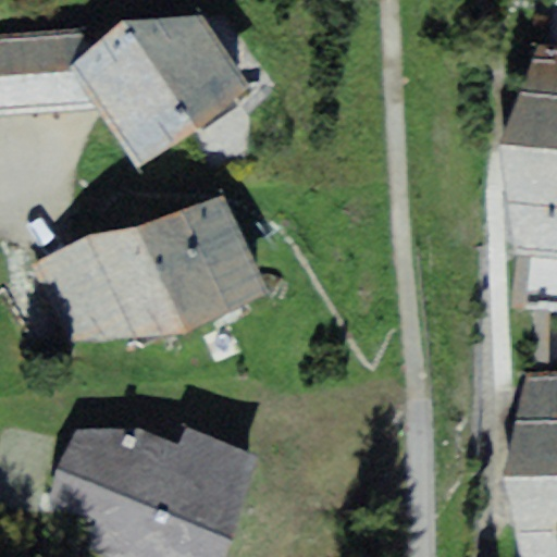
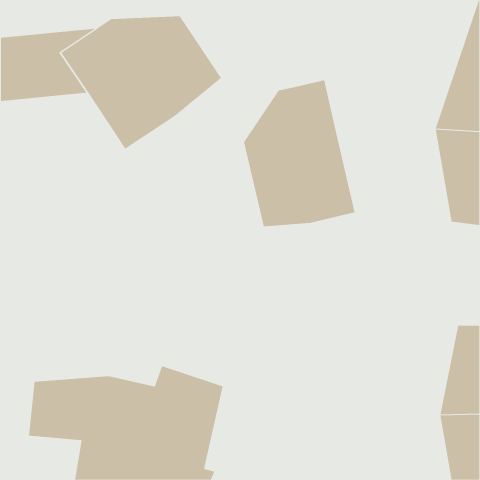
building: none -> [244,79,355,227]
building: [16,195,257,338] -> none

